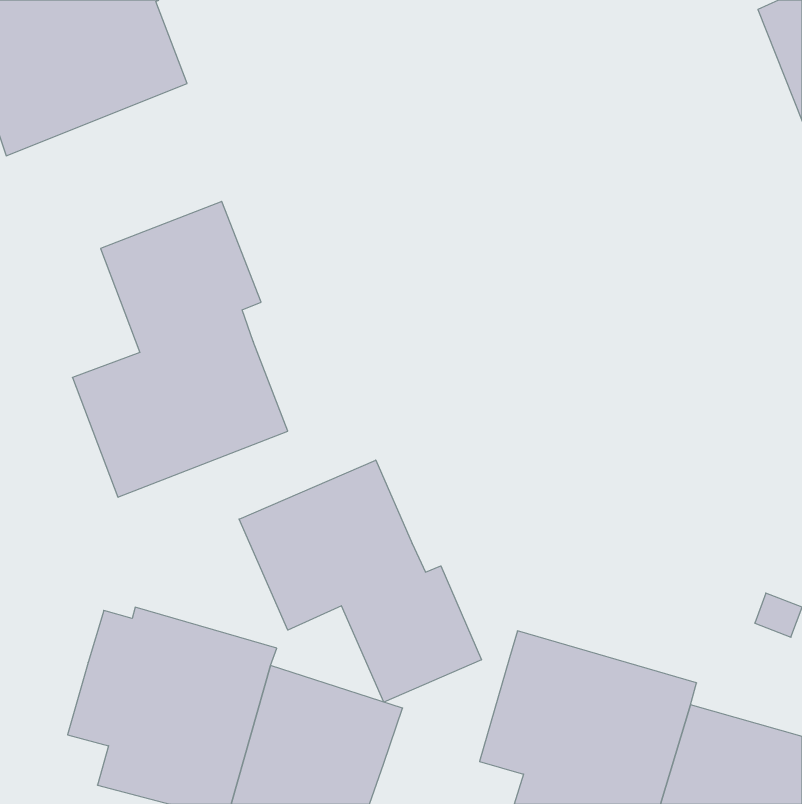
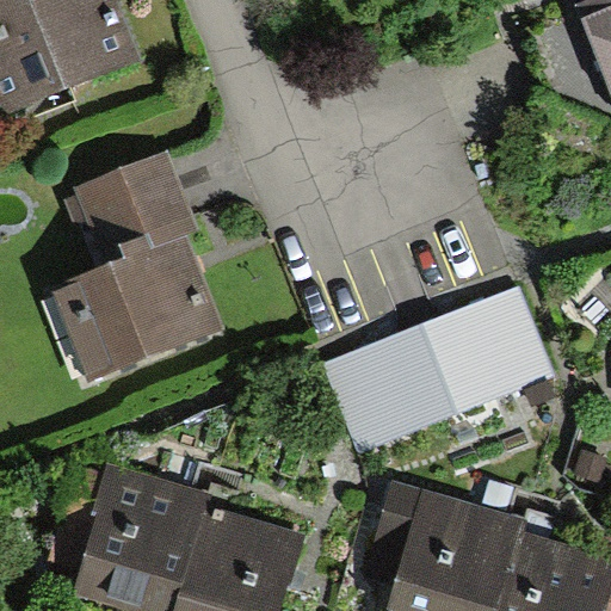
building: none -> [321,285,551,456]
building: [239,460,481,702] -> none

